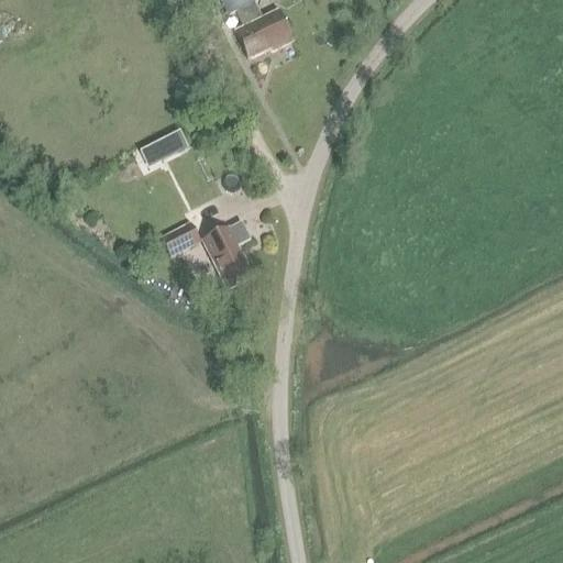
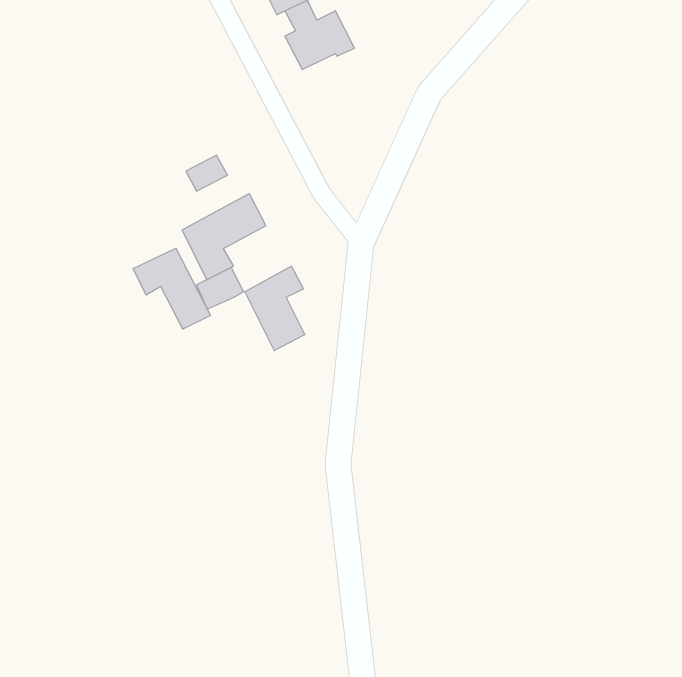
building: none -> [182,194,266,280]
building: none -> [133,248,211,329]

